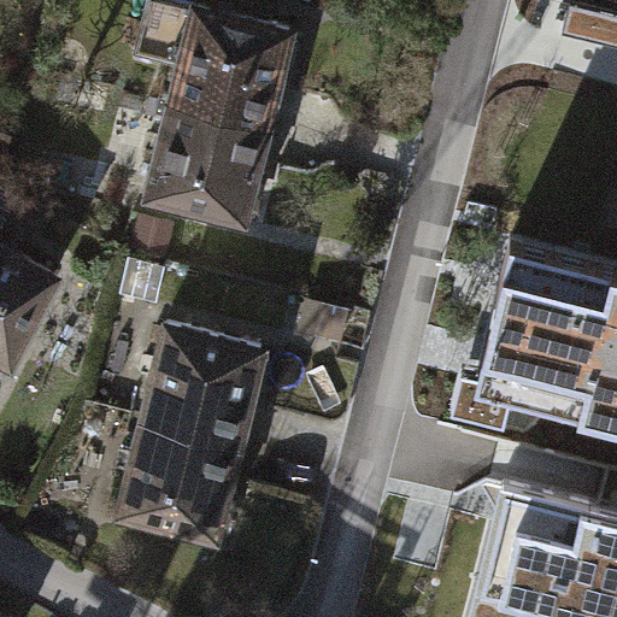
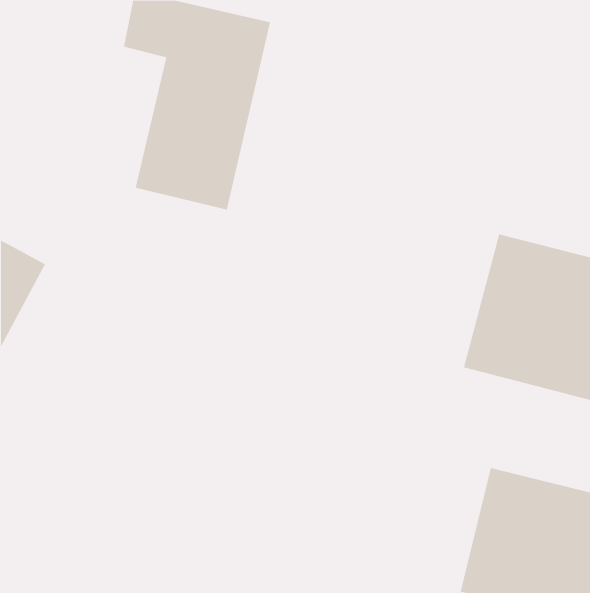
building: [121,325,262,537] -> none

